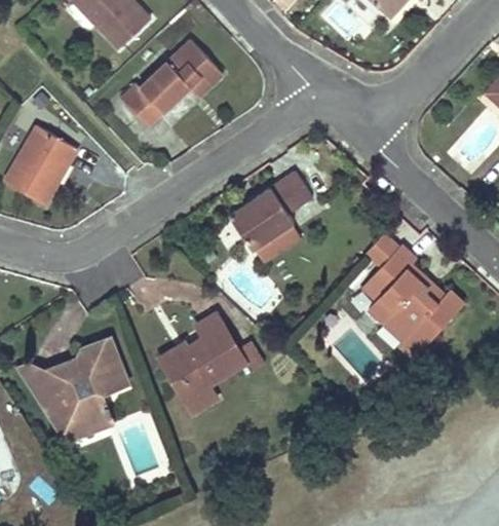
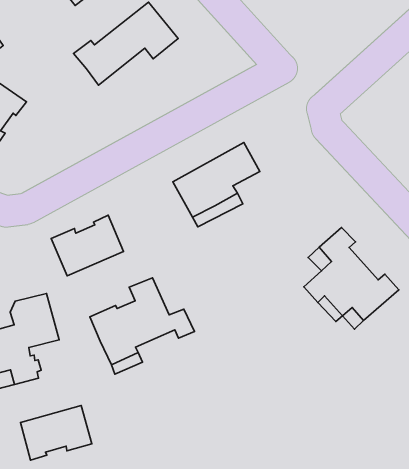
building: none -> [51,215,123,276]
building: none -> [21,405,92,460]

